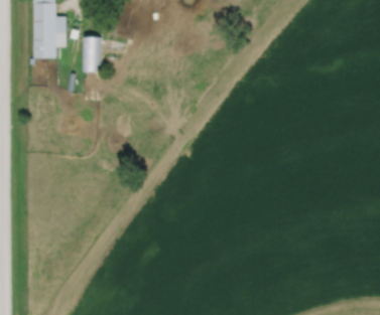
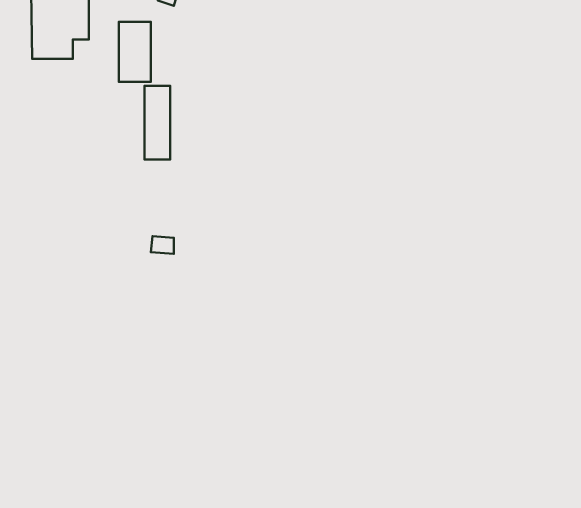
building: none -> [145,86,170,159]

